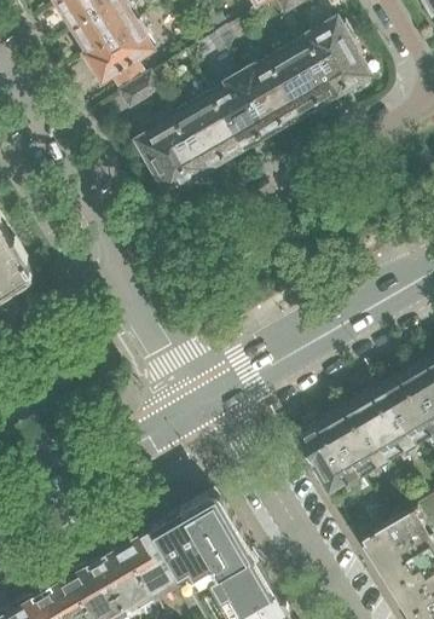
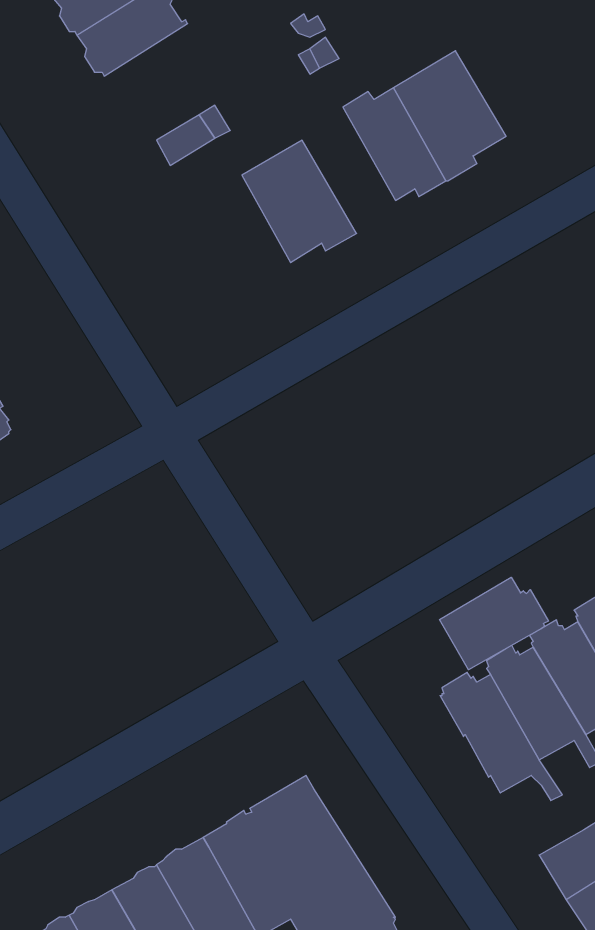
building: [306,21,368,93] -> none
building: [87,22,160,89] -> none
building: [210,74,268,152] -> none
building: [132,112,203,196] -> none
building: none -> [440,577,549,670]

